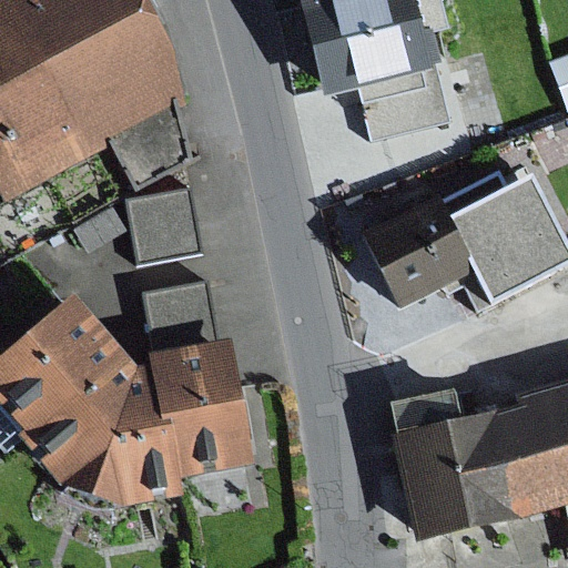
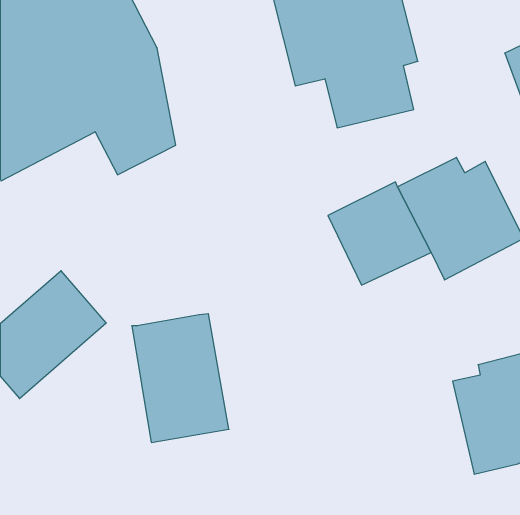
building: [129,185,202,260] -> none
building: [141,277,219,354] -> none
building: [13,351,173,508] -> none
building: [387,392,517,537] -> none

